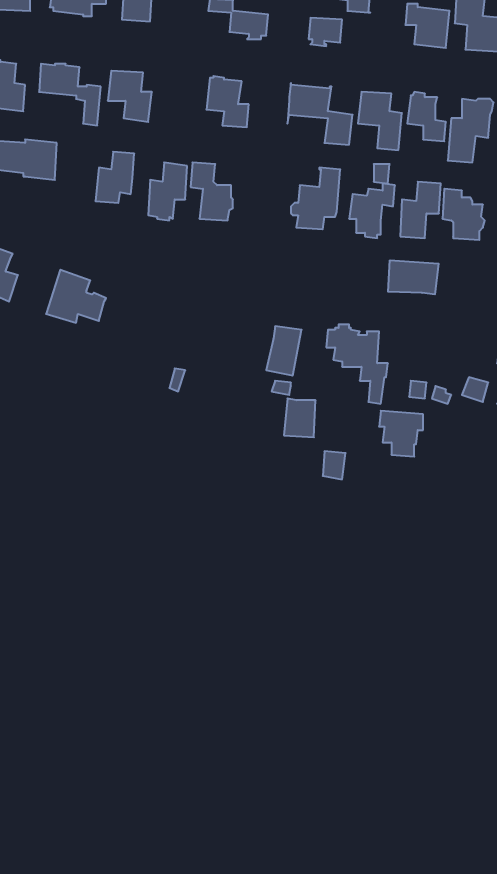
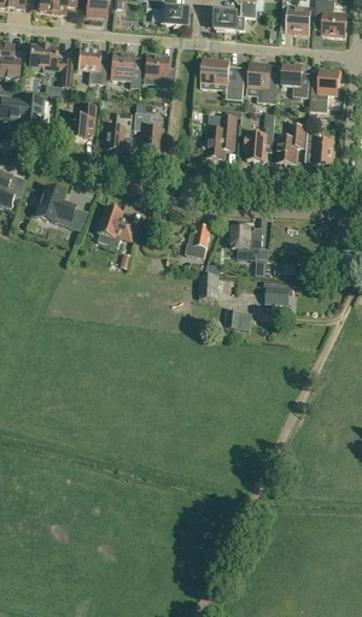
building: none -> [111,52,141,88]
building: [388,260,439,294] -> none
building: none -> [97,206,136,240]

